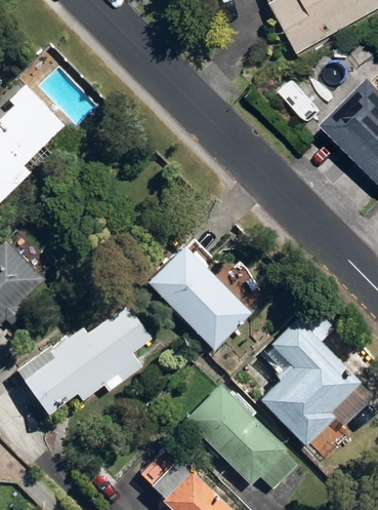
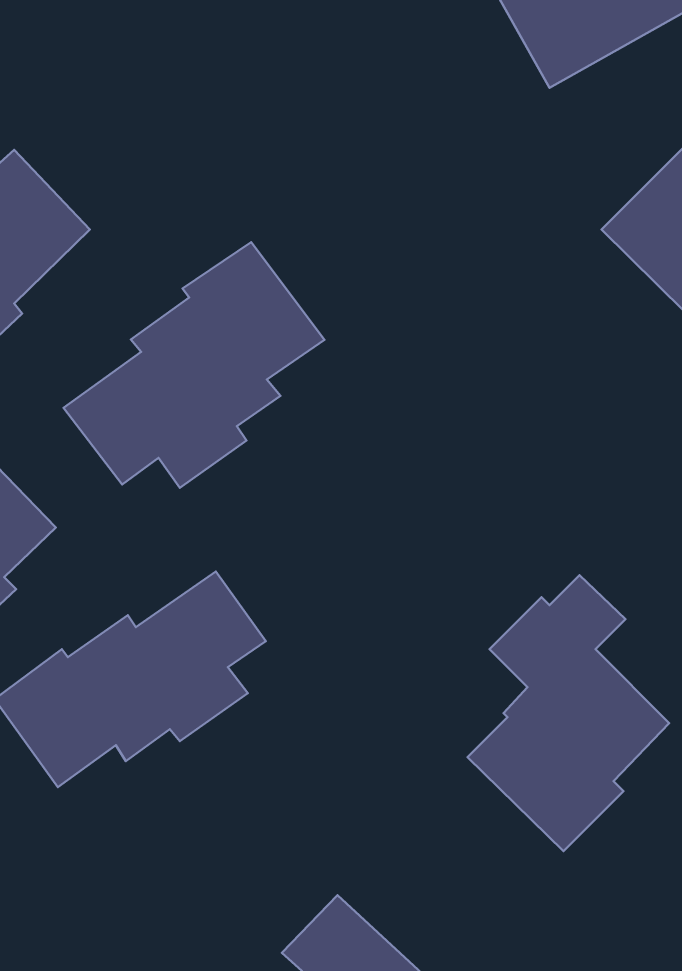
building: none -> [64,242,325,488]
building: [144,243,251,351] -> none
building: [181,383,297,489] -> none

